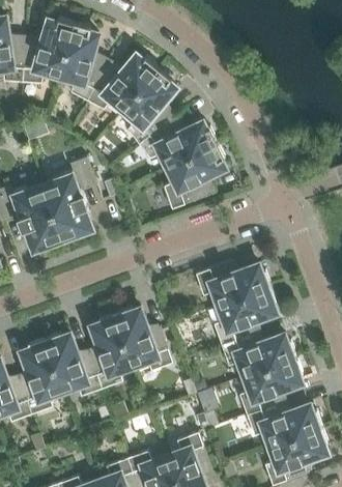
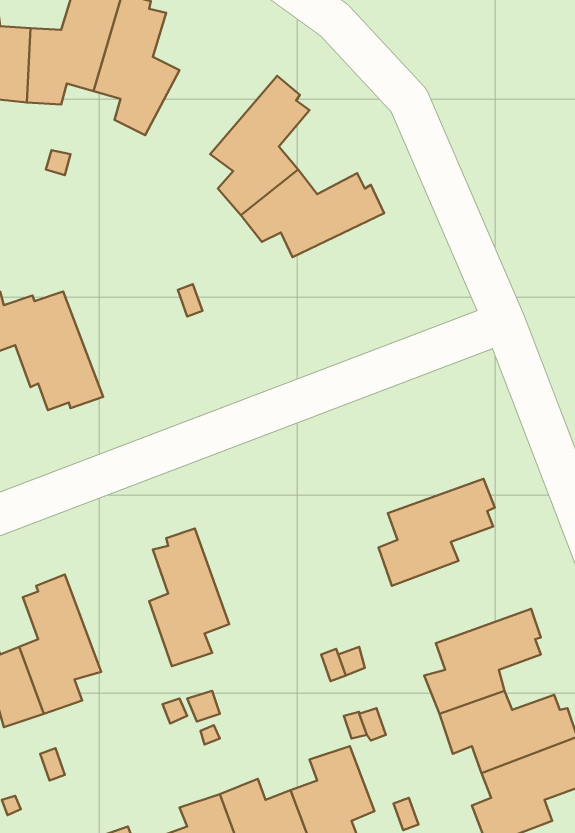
building: [86,56,158,113] -> none
building: [162,145,224,211] -> none
building: [41,160,95,245] -> none
building: [194,263,269,308] -> none
building: [113,310,172,373] -> none
building: [220,334,295,378] -> none
building: [42,336,101,399] -> none

